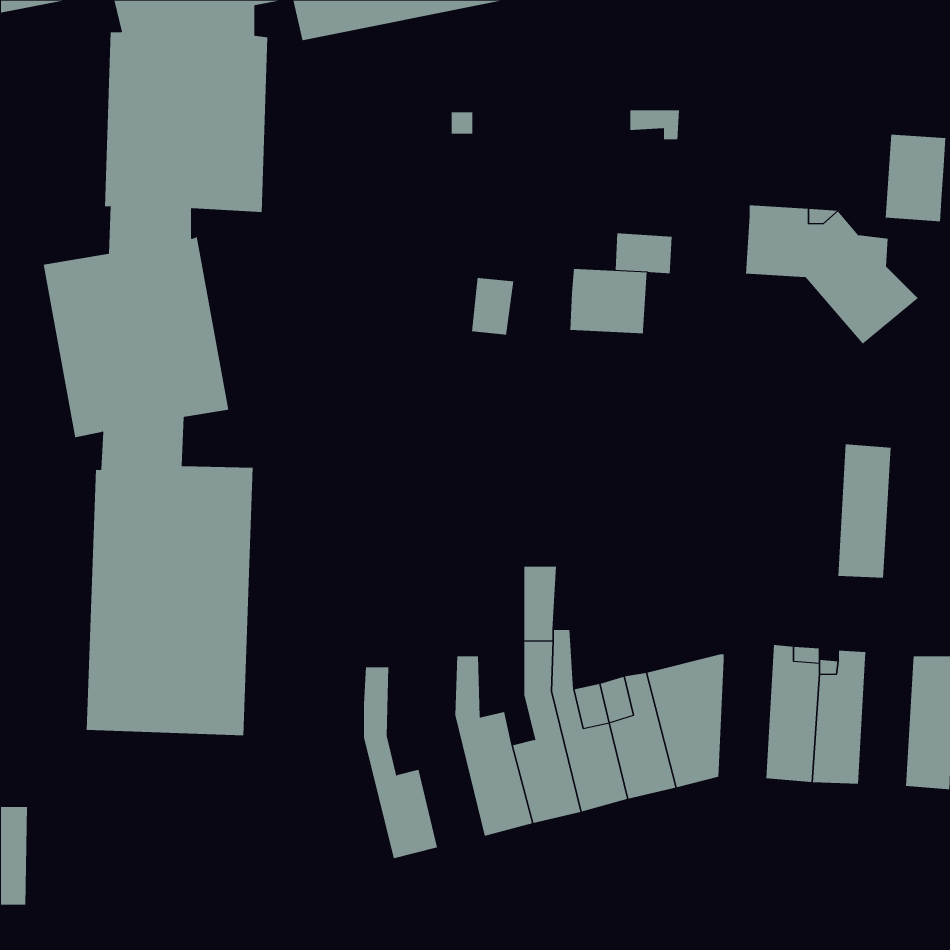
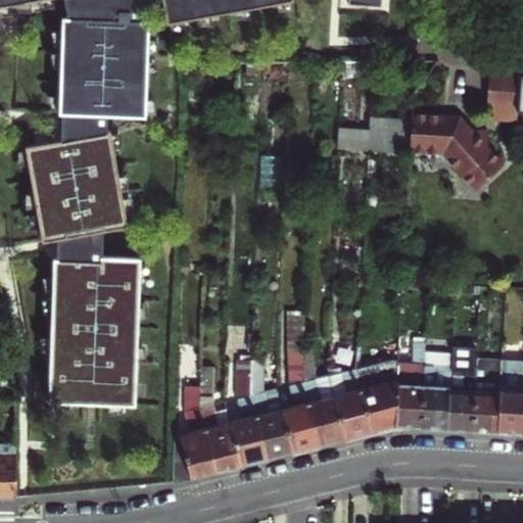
building: [569,269,648,334] -> [369,117,412,153]
building: [837,444,891,578] -> [472,359,502,432]
building: none -> [395,343,425,428]
building: none -> [231,361,267,466]
building: none -> [173,386,217,483]

